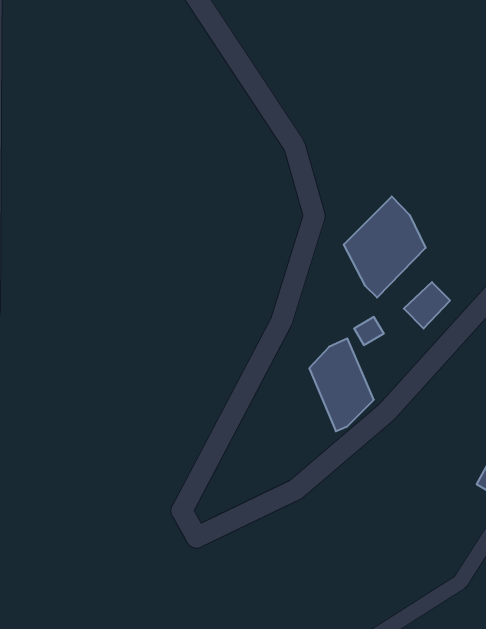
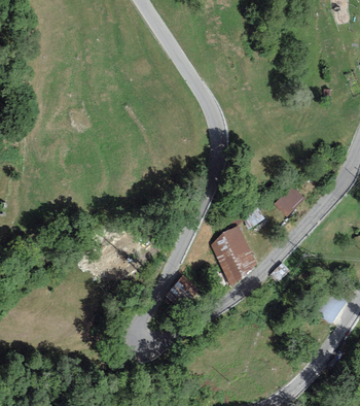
building: [344,196,426,298] -> none

